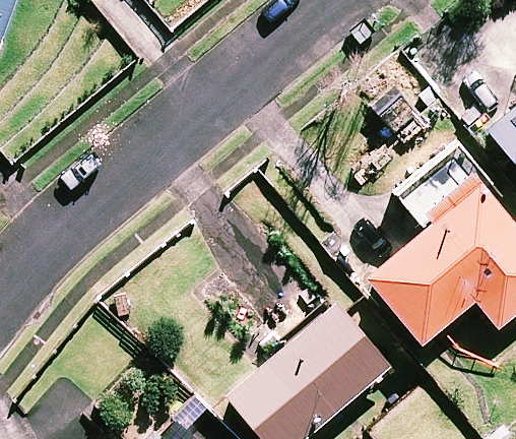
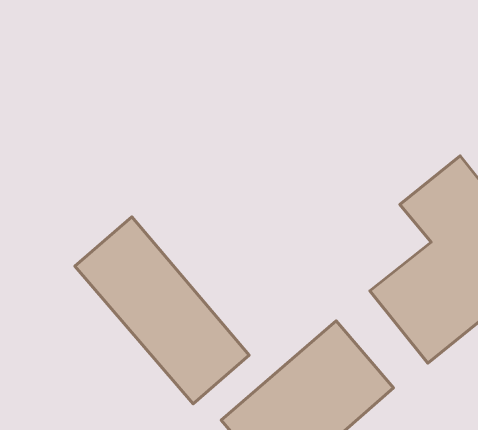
building: none -> [75,217,249,404]

